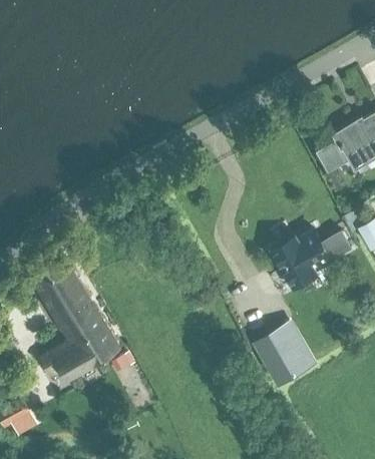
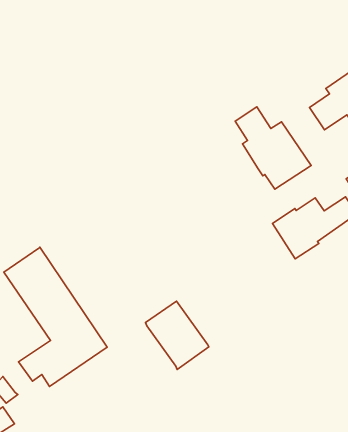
building: none -> [235,107,311,189]
building: [255,324,310,385] -> [145,301,209,369]

